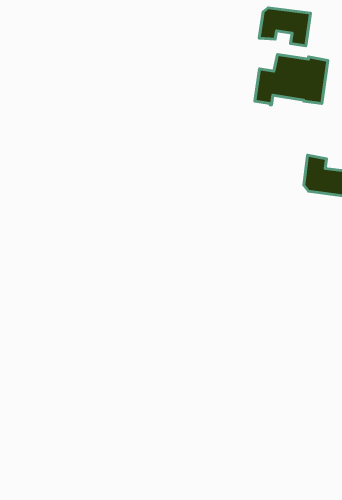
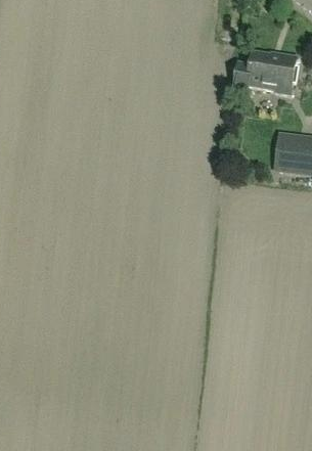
building: [259,8,310,46] -> none

